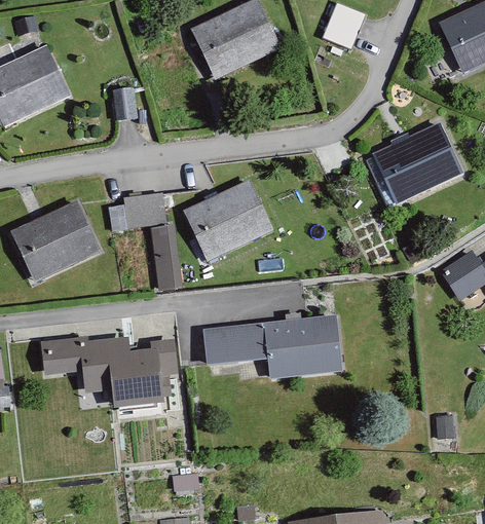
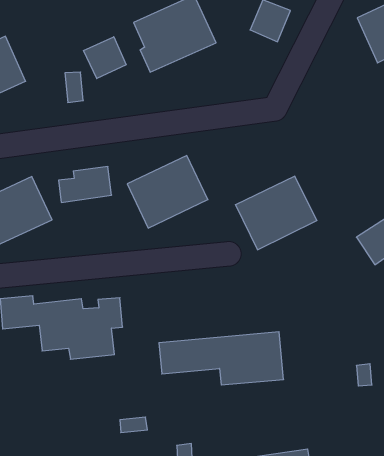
building: none -> [83,37,126,79]
building: [373,123,464,205] -> [235,176,317,250]
building: [150,225,182,290] -> none
building: [203,316,343,376] -> [159,332,284,385]

